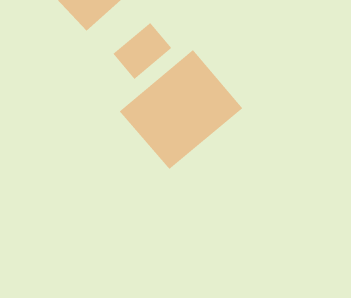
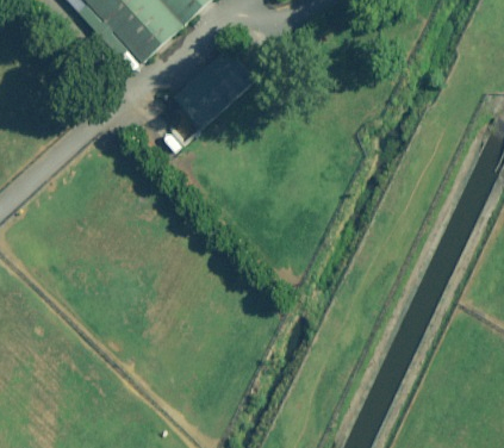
building: [119,49,243,170] -> none

